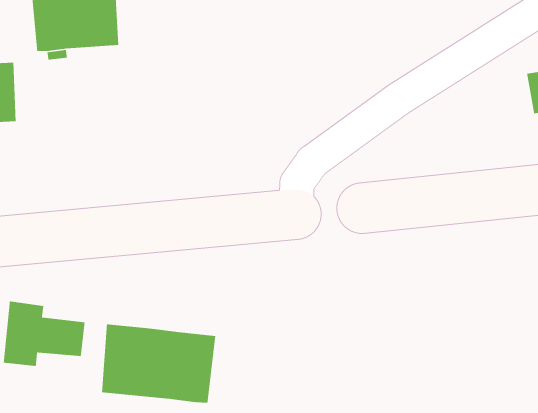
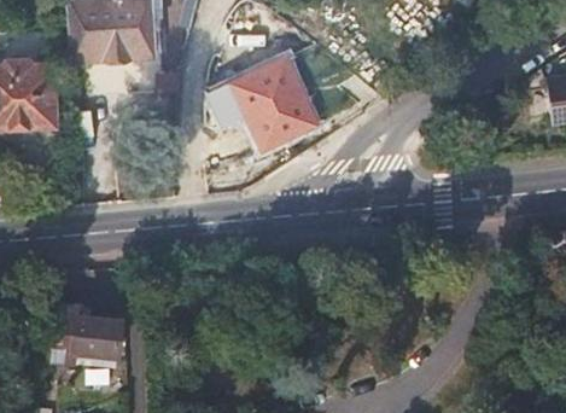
building: none -> [212,58,317,150]
building: [101,324,216,403] -> none

